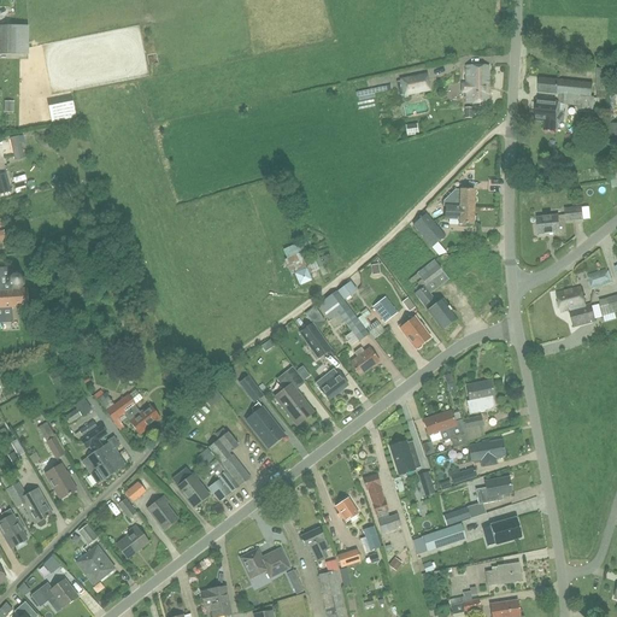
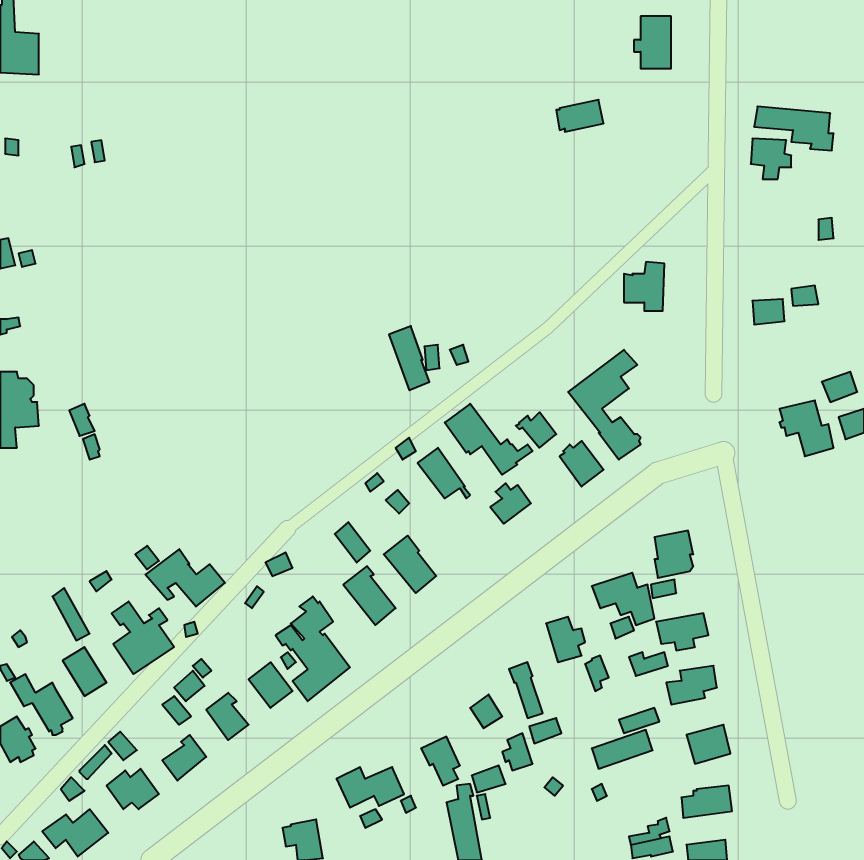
building: [462,64,488,101] -> [634,16,671,69]
building: [412,211,445,253] -> none
building: [313,365,347,398] -> none

